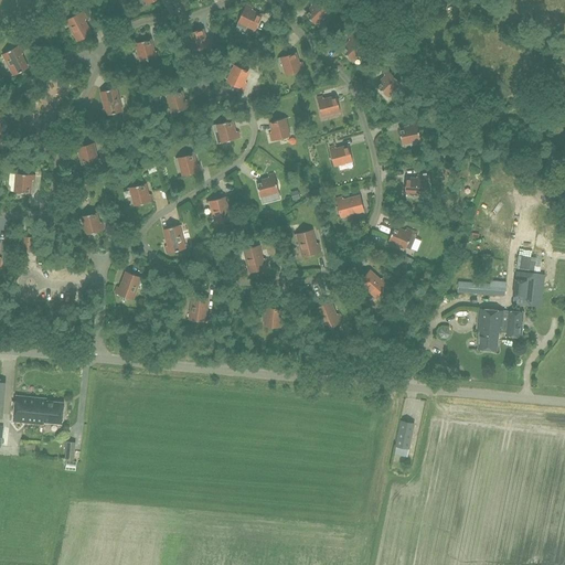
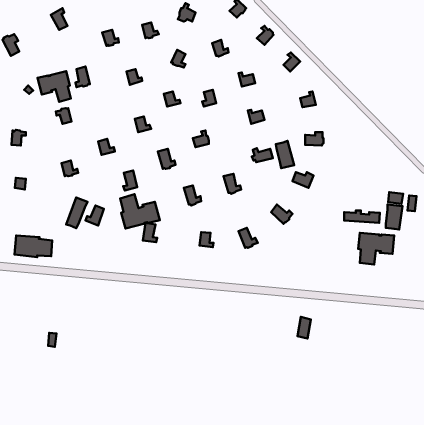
building: none -> [38,71,71,102]
building: none -> [276,141,294,168]
building: none -> [120,194,160,229]
building: none -> [66,197,88,228]
building: [12,396,62,425] -> [15,235,52,257]

